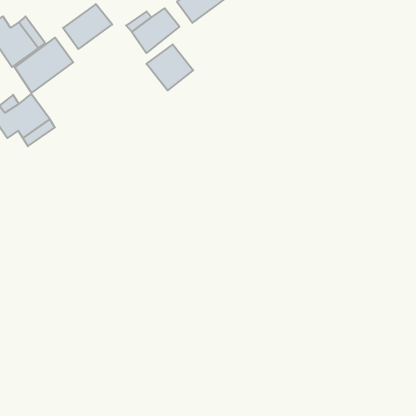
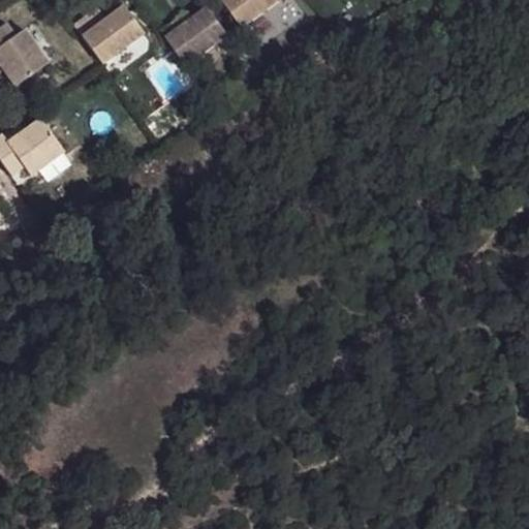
building: [15,38,73,93] -> none
building: [146,44,193,90] -> none

